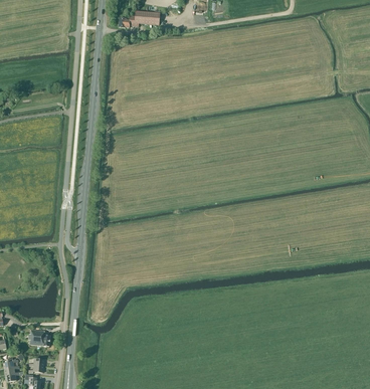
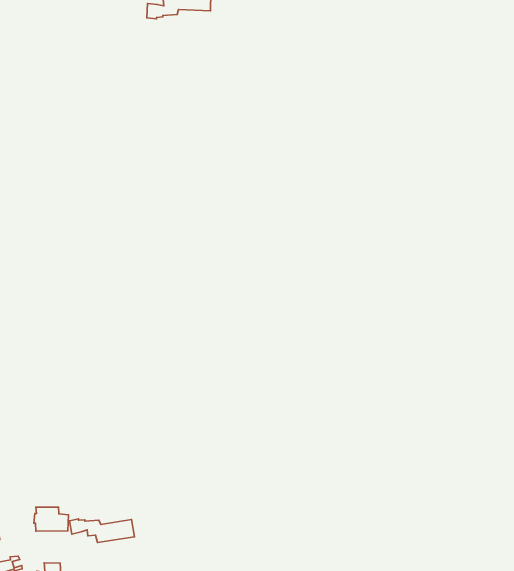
building: none -> [69,519,134,542]

